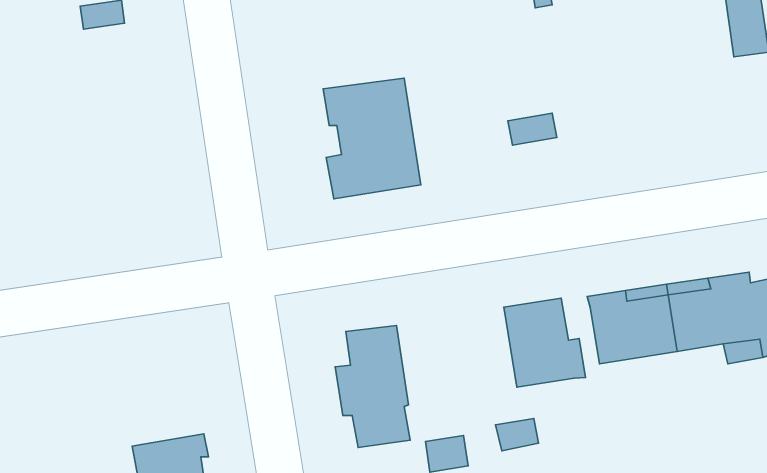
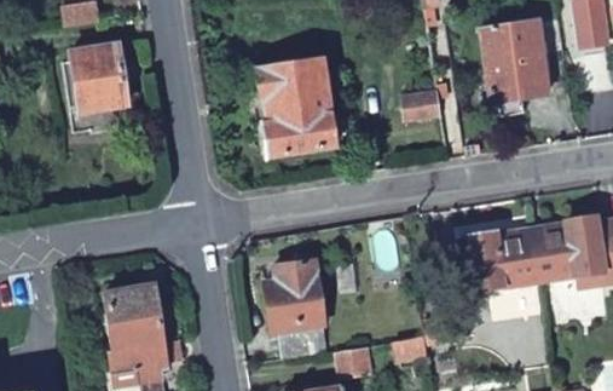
building: none -> [480,22,549,103]
building: none -> [70,42,127,111]
building: [504,298,586,387] -> none
building: none -> [103,284,162,353]

